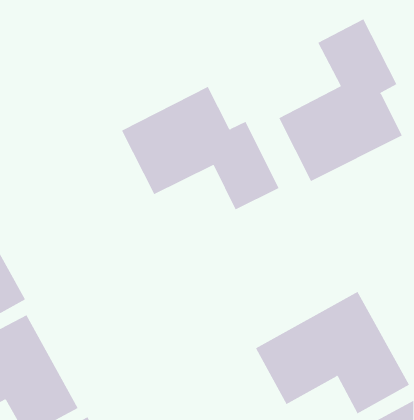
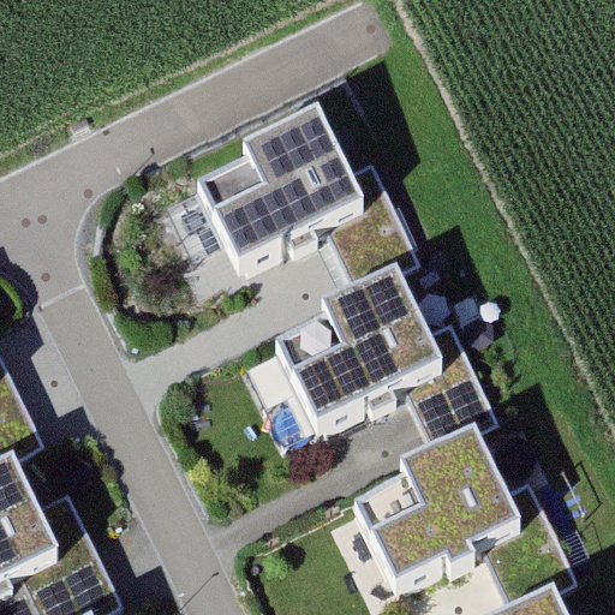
building: [278,19,402,182] -> none
building: none -> [285,267,506,443]

